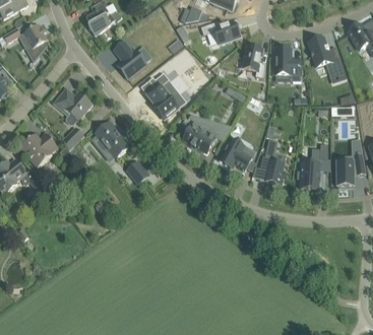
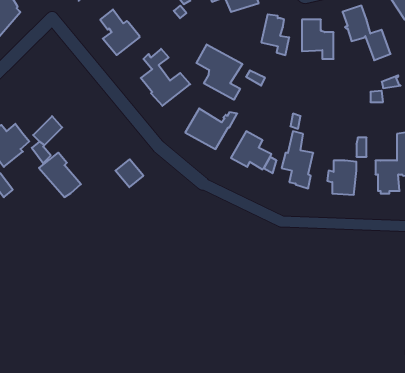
building: none -> [196,44,242,100]
building: [53,87,91,120] -> none
building: [95,121,128,156] -> [39,153,81,197]

